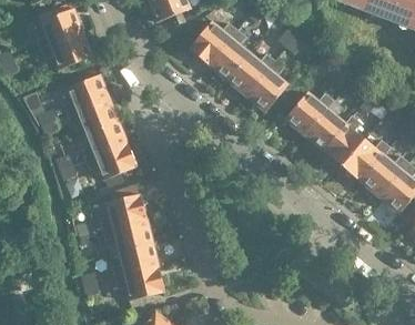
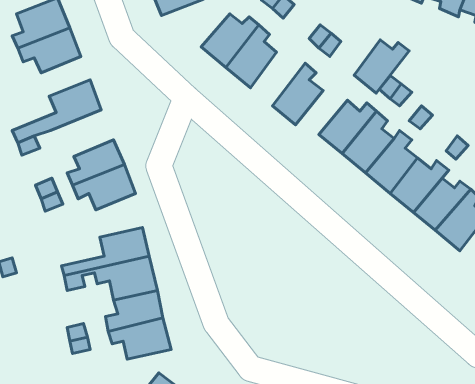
building: [230,51,274,94] -> [354,40,409,93]
building: [68,98,119,135] -> none

